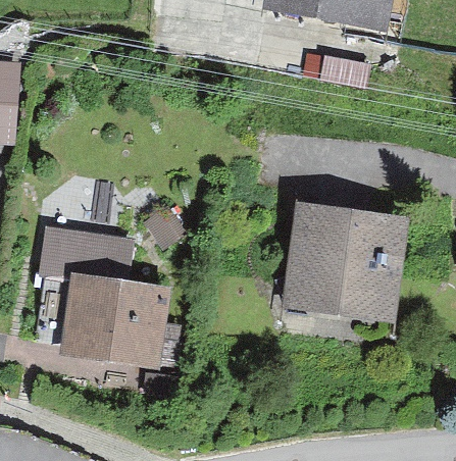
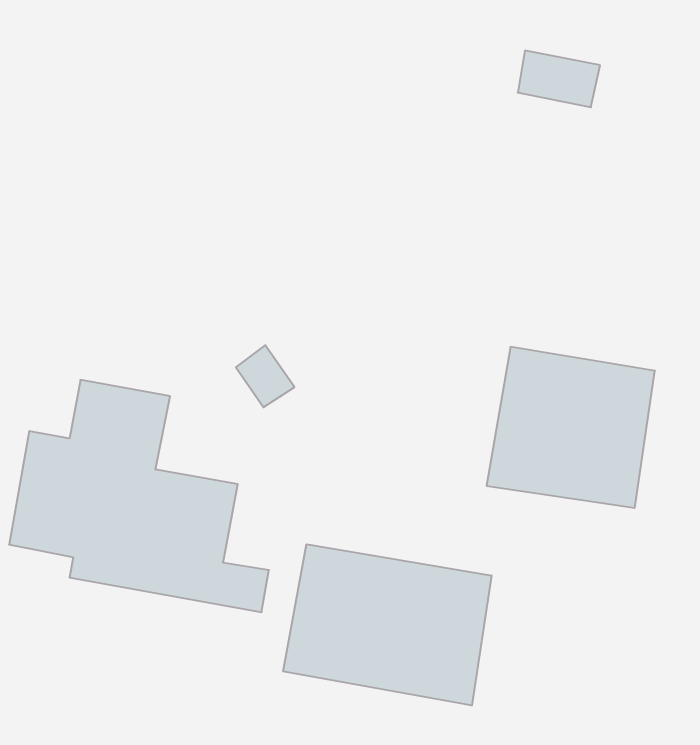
building: none -> [283,544,491,705]

